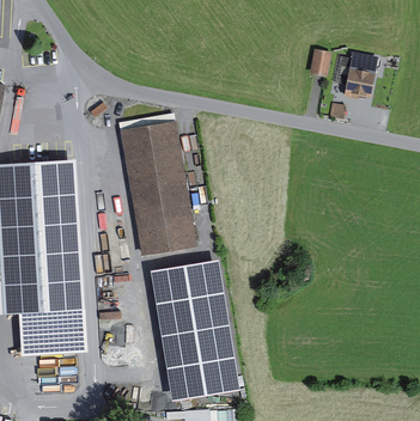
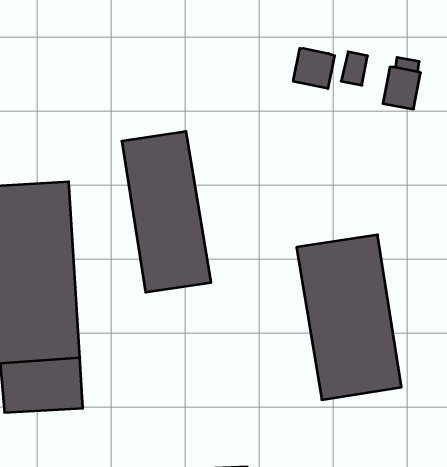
building: none -> [293,48,335,89]
building: [150,258,239,399] -> [297,235,401,400]

